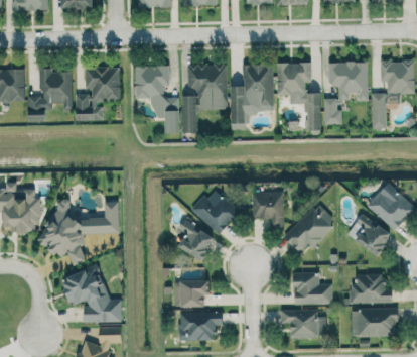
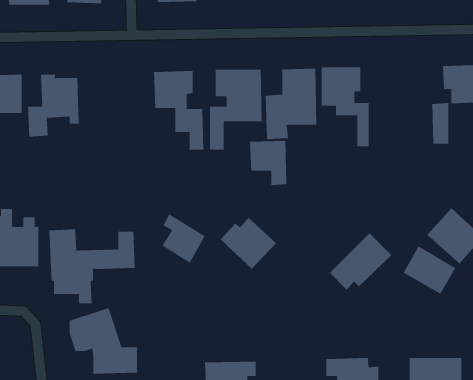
building: [323,62,369,124] -> none
building: [76,67,120,121] -> none
building: [252,192,284,230] -> [249,140,287,186]
building: [178,219,216,261] -> [162,213,206,263]
building: [294,272,332,305] -> none
building: [350,274,392,304] -> none
building: [174,280,210,307] -> none

